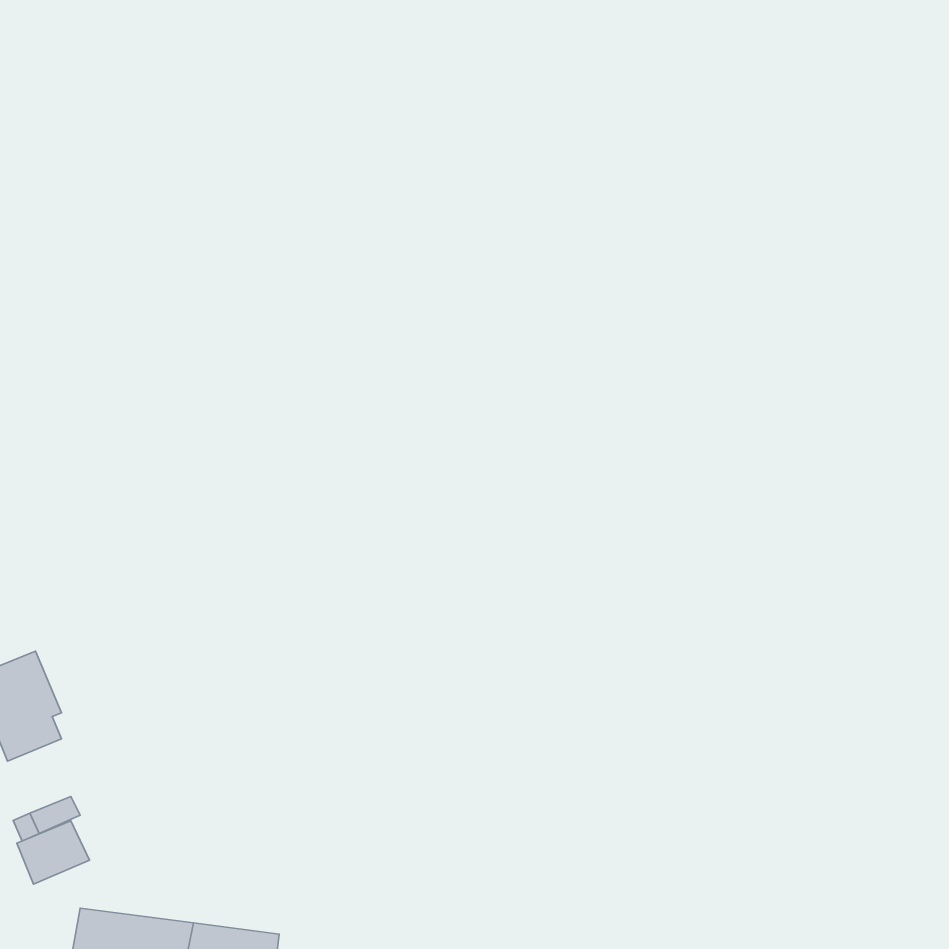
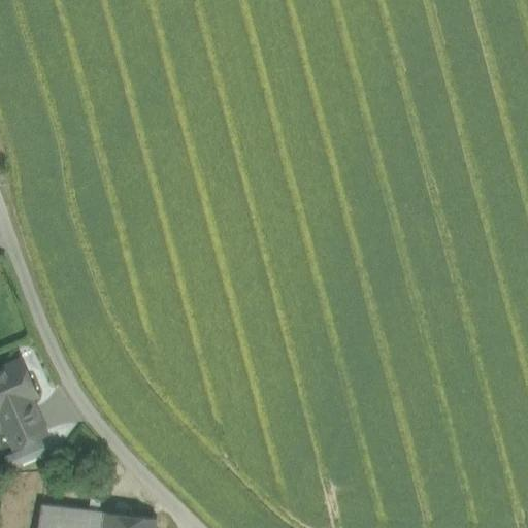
building: [17,821,89,884] -> [4,410,44,446]

